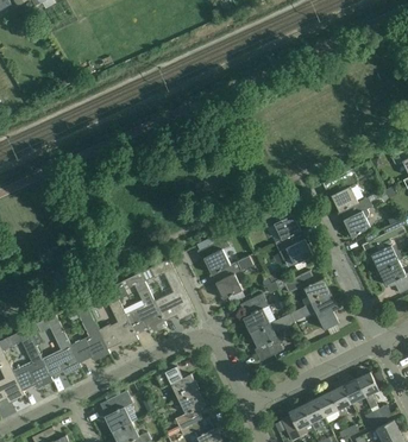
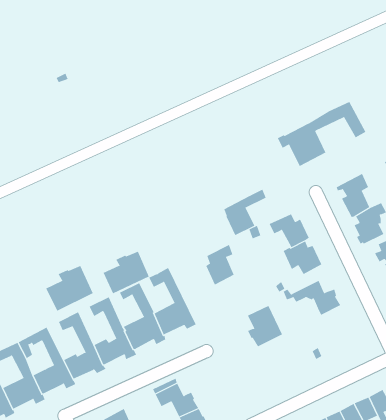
building: none -> [277,101,366,167]
building: none -> [103,251,150,294]
building: [212,255,252,299] -> [223,189,267,236]
building: none -> [45,265,94,311]
building: [310,293,339,329] -> none
building: [251,314,295,361] -> none

